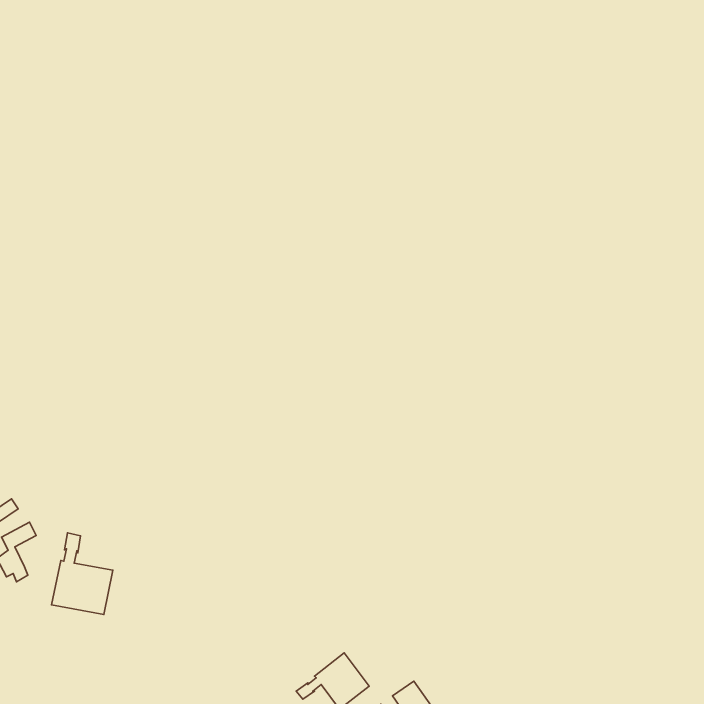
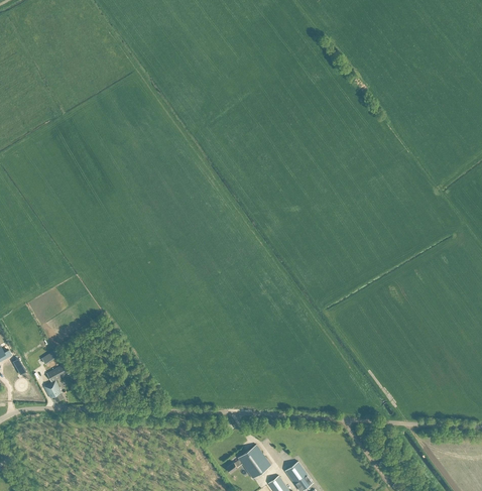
building: [52,533,113,615] -> none

